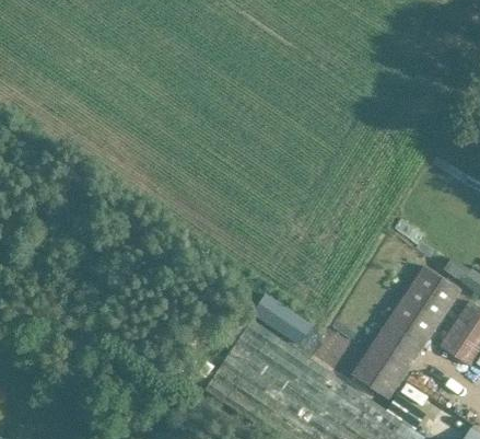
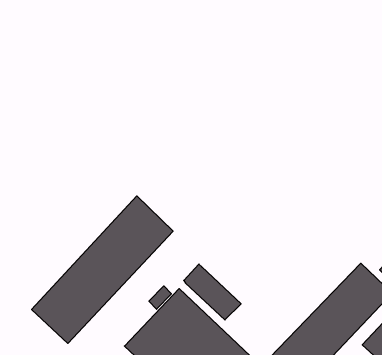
building: none -> [32,196,173,343]

